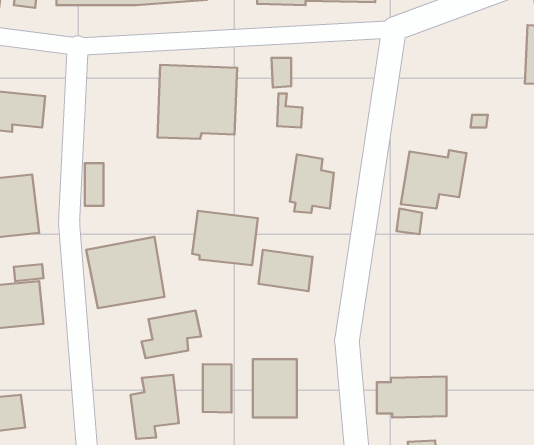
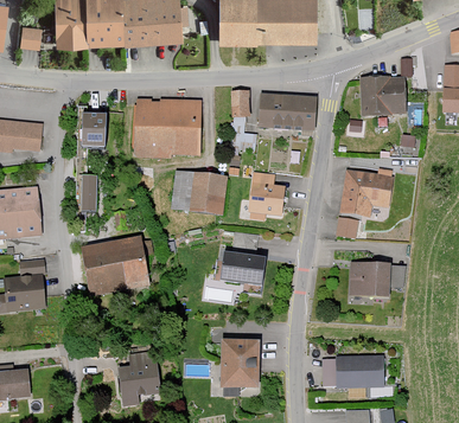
building: none -> [359,77,403,117]
building: none -> [260,94,317,134]
building: none -> [74,116,106,150]
building: [192,211,258,265] -> [174,169,229,214]
building: none -> [350,261,407,297]
building: [141,310,201,358] -> none
building: [203,364,232,413] -> none

